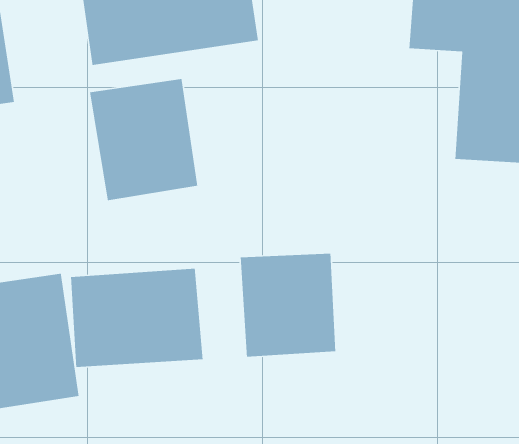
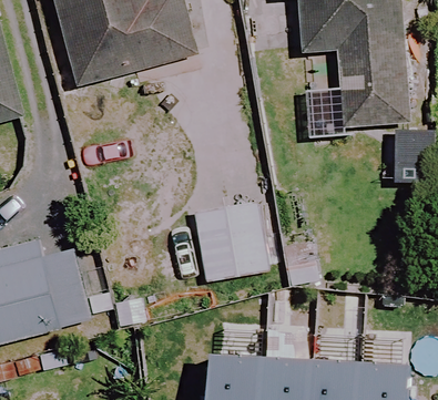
building: [89,78,198,201] -> none
building: [70,268,203,368] -> none

